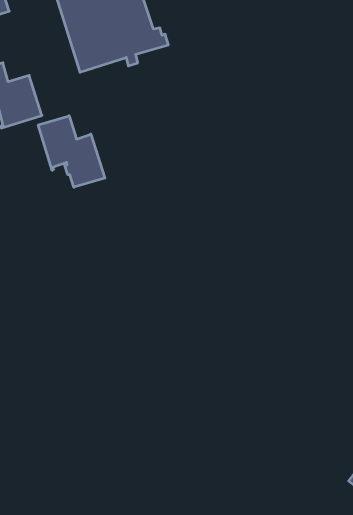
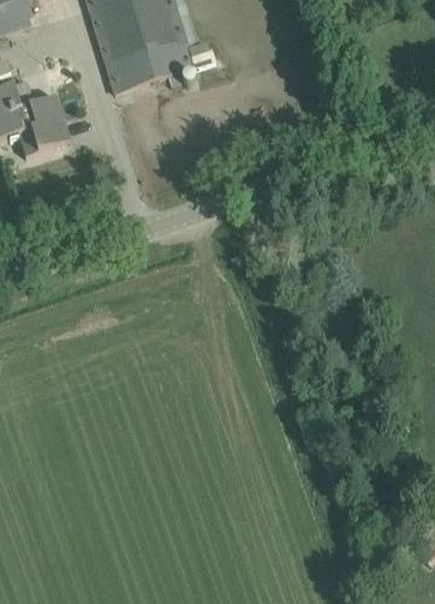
building: [38,116,105,187] -> none

